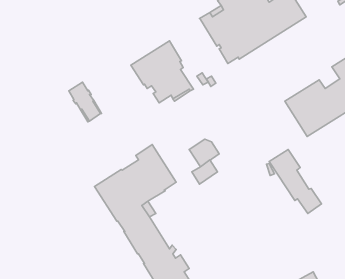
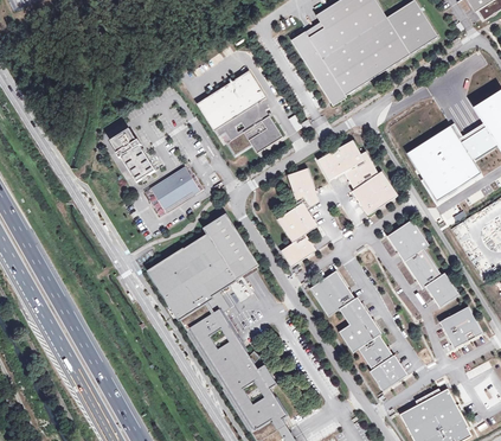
building: none -> [316,140,397,215]
building: none -> [149,166,200,212]
building: none -> [287,167,319,209]
building: none -> [308,269,407,391]
building: none -> [439,306,483,347]

